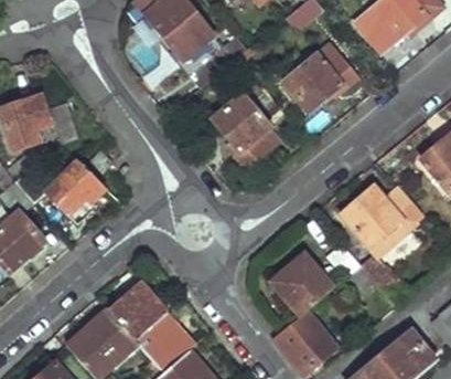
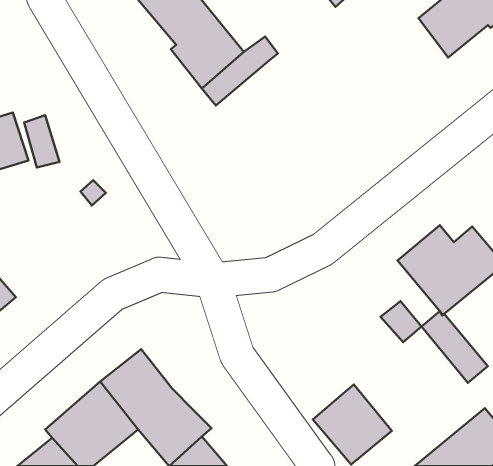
building: [284,44,358,114] -> none
building: [207,93,279,170] -> none
building: [46,159,105,217] -> none
building: [272,253,332,315] -> none

